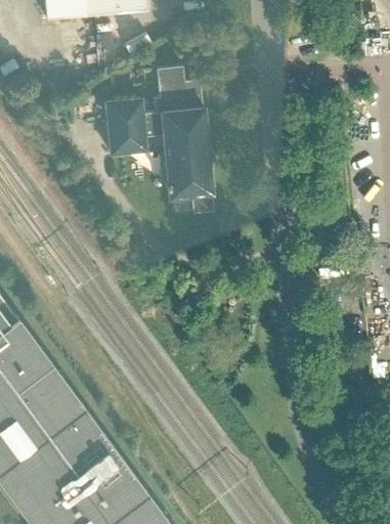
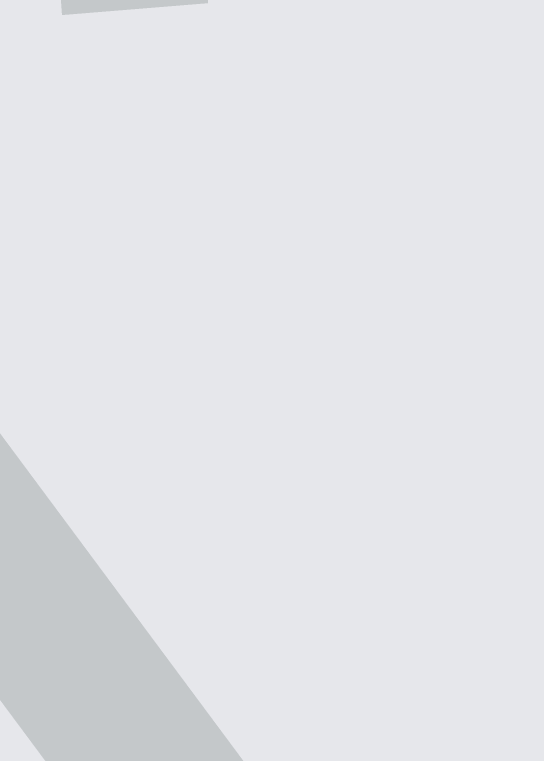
building: [104,68,213,215] -> none

